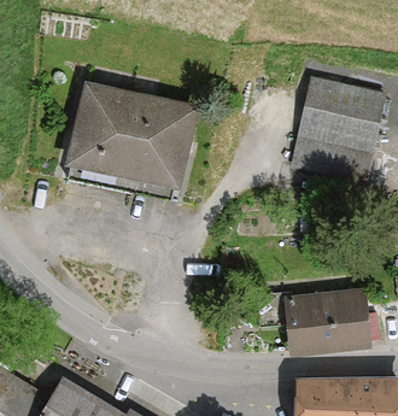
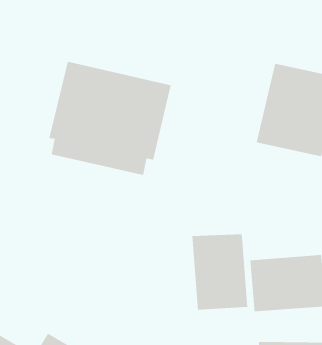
building: none -> [192,233,248,311]

